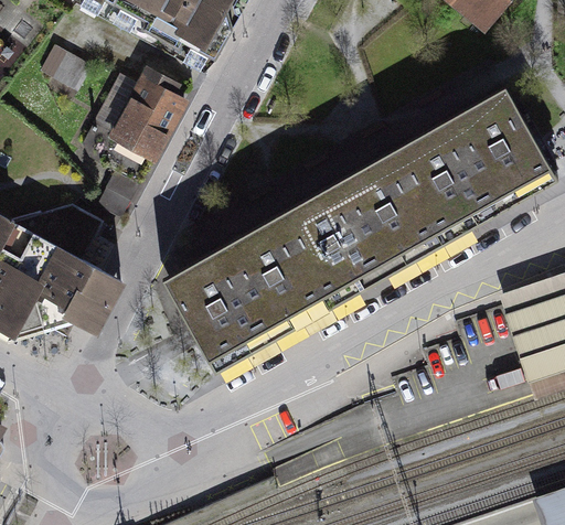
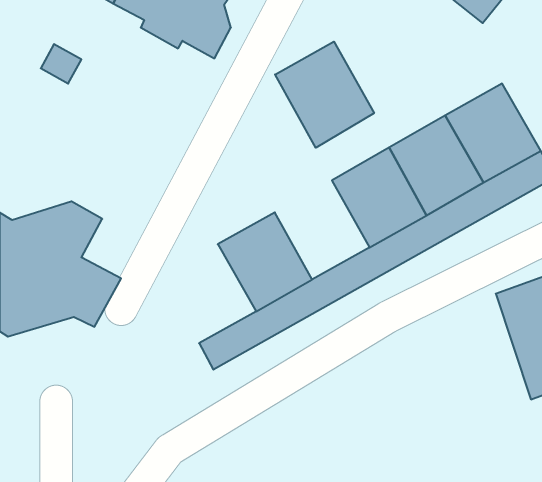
building: none -> [275,42,374,148]
building: [84,71,185,200] -> none
building: [278,182,373,281] -> none
building: [163,246,259,345] -> none

